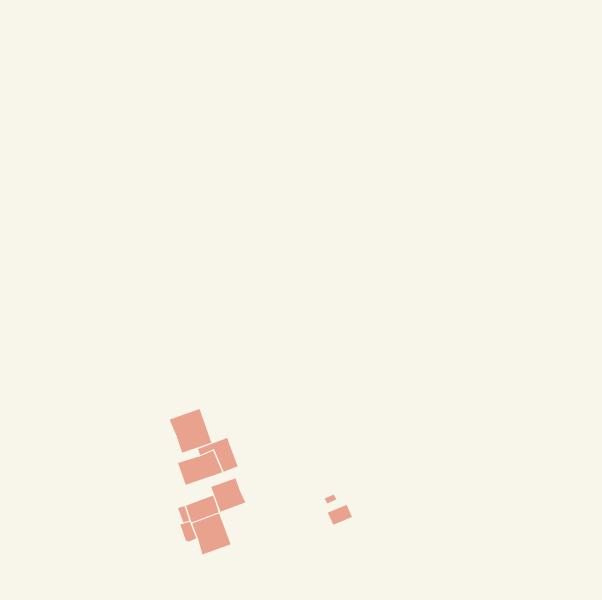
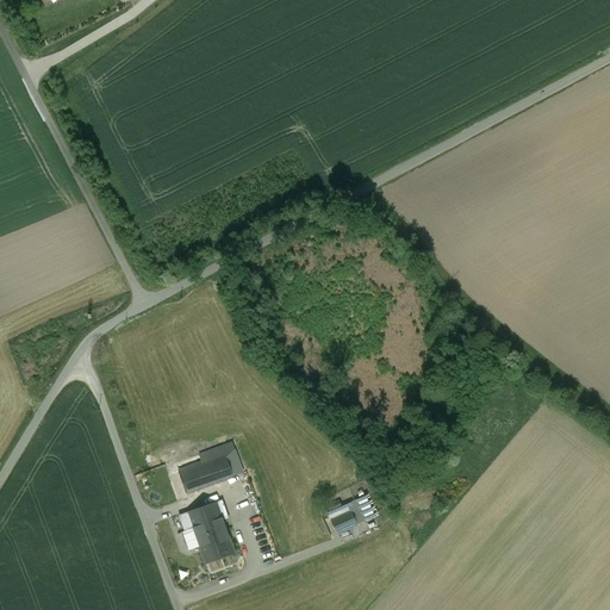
building: [169,408,212,453] -> none
building: [211,477,246,513] -> none

